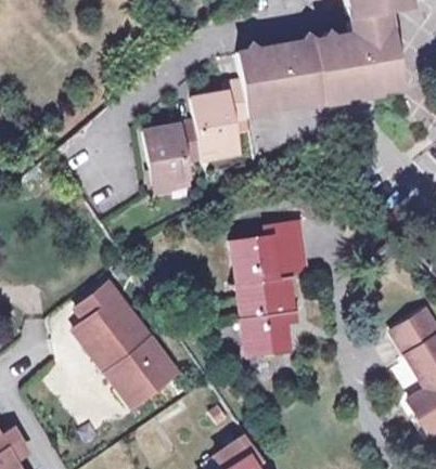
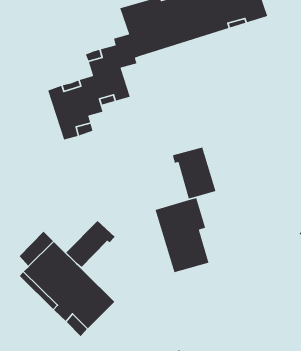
building: [232,232,278,279] -> none
building: none -> [65,220,115,268]

